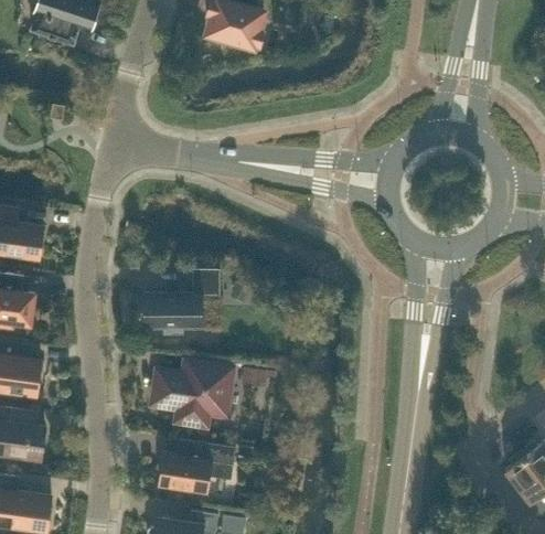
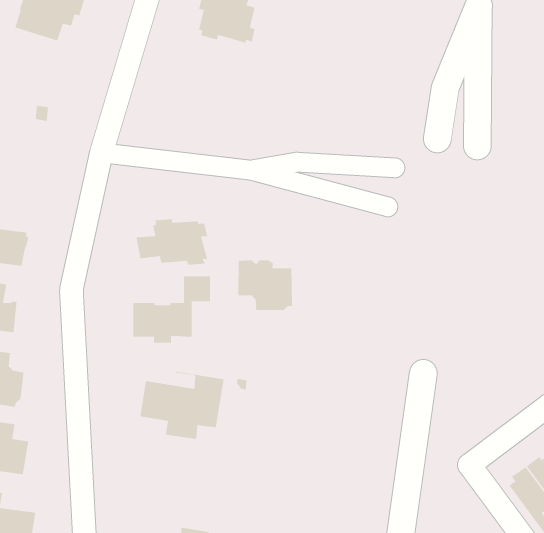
building: none -> [135,219,208,265]
building: none -> [238,259,293,311]
building: [159,440,236,494] -> none

